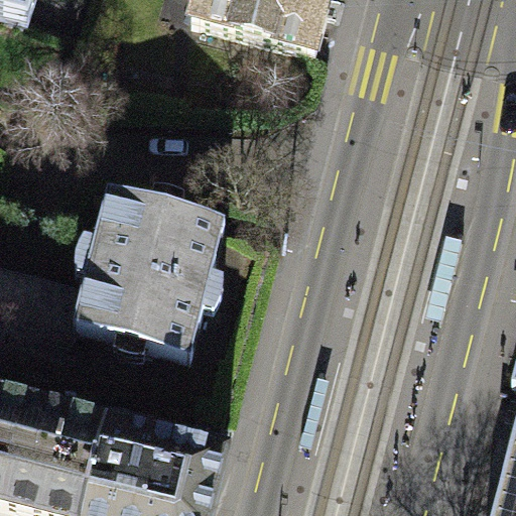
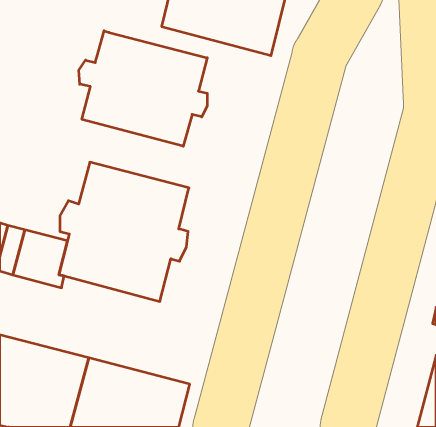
building: none -> [79,31,207,146]

